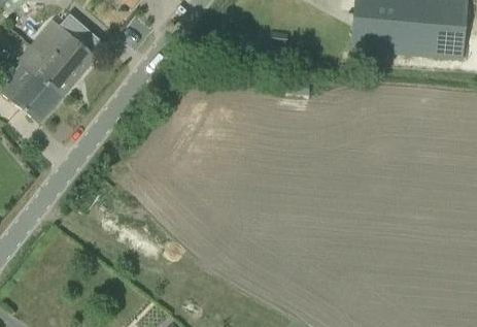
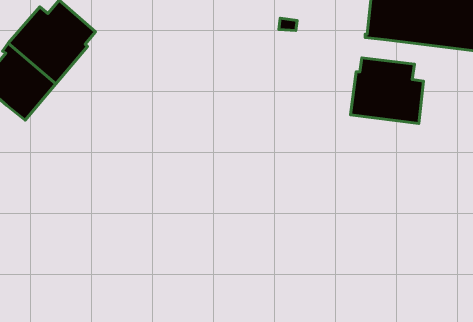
building: none -> [350,58,424,124]

